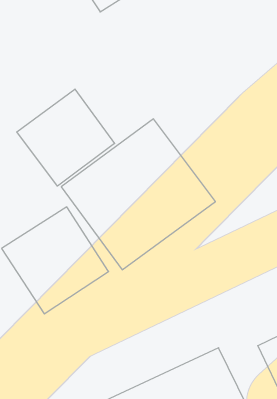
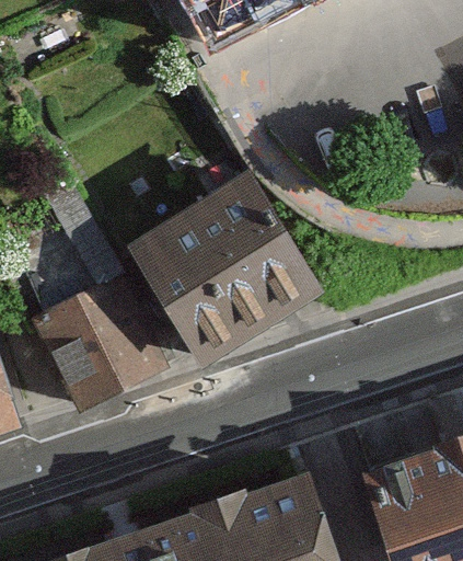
building: [17,89,115,186] -> none

